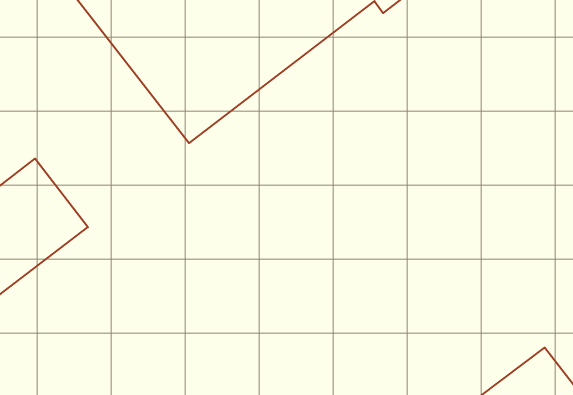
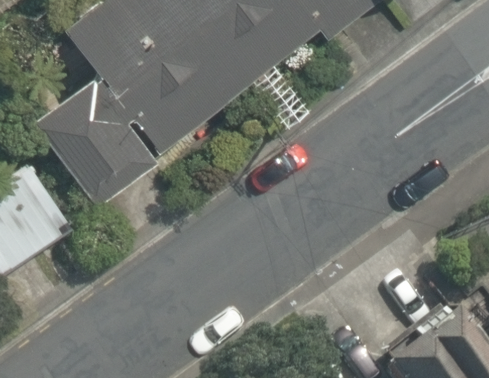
building: none -> [37,72,161,202]

